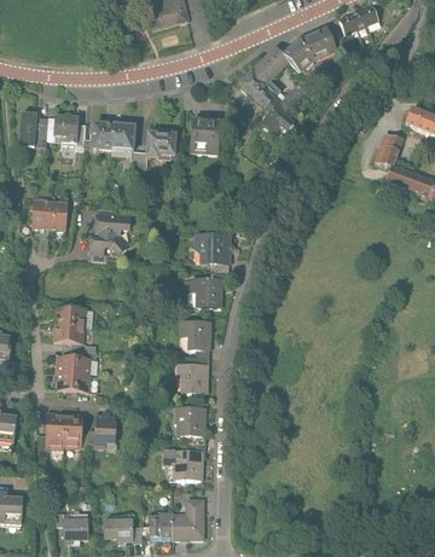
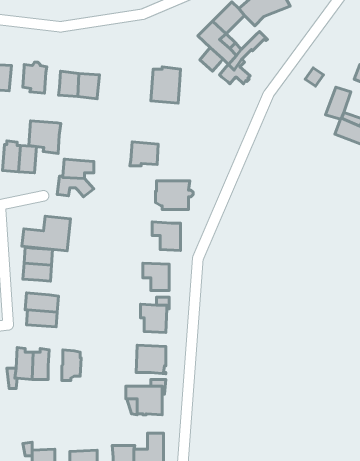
building: [146,128,176,153] -> [130,142,158,166]
building: none -> [29,121,61,153]
building: none -> [22,216,71,251]

